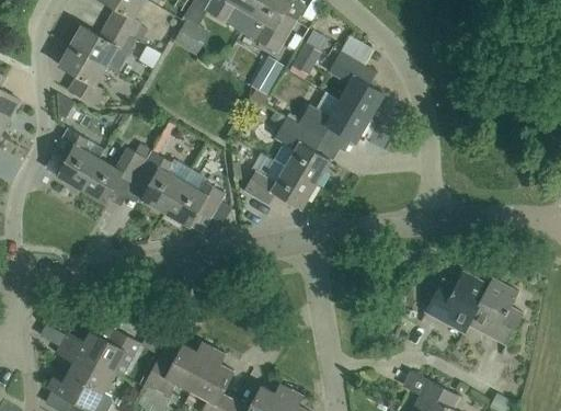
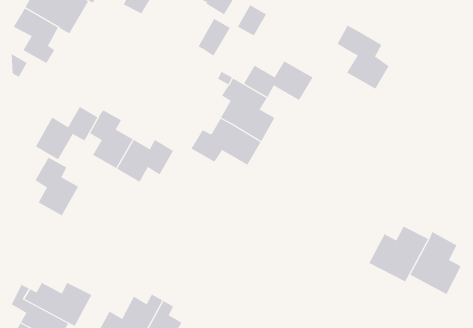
building: [329,50,383,117] -> [337,25,390,89]
building: [53,127,99,189] -> [34,157,79,216]

